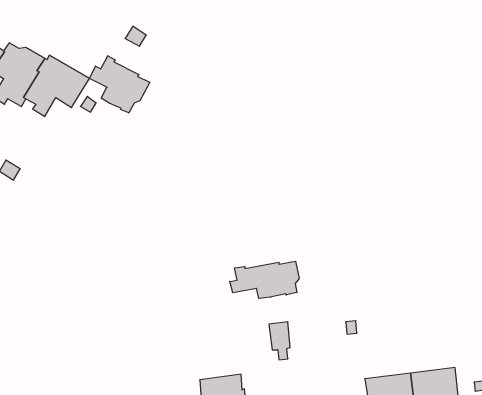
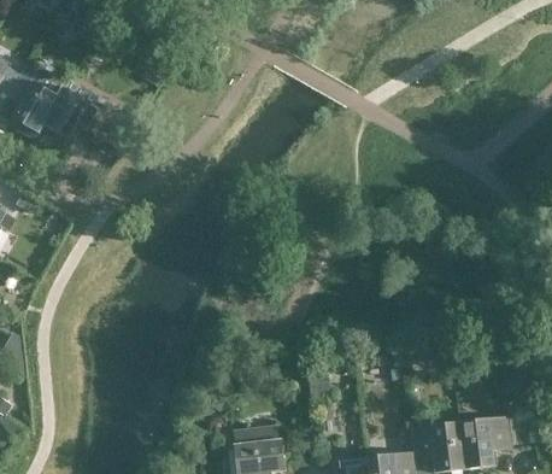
building: [89,56,150,113] -> none
building: [230,261,299,299] -> none

